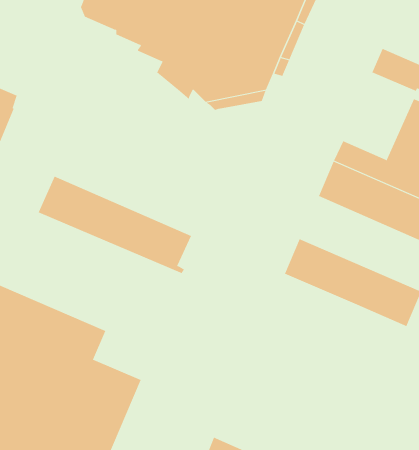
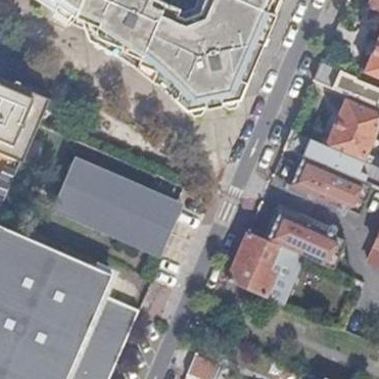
building: none -> [51,185,170,256]
building: none -> [226,231,300,301]

